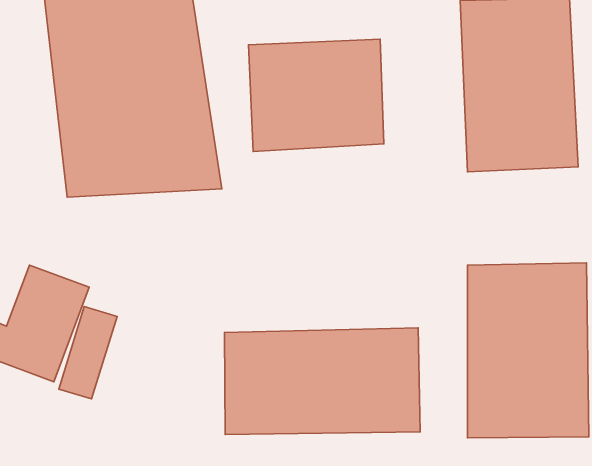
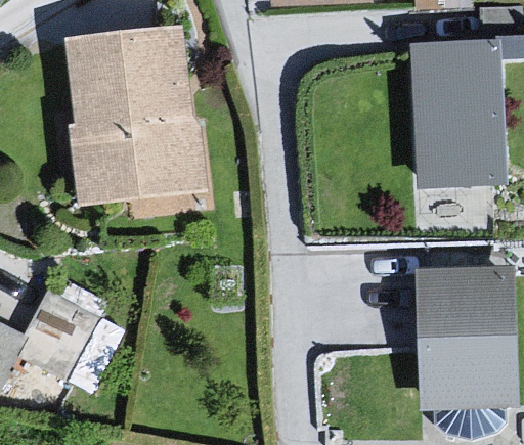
building: [248,39,384,152] -> none
building: [225,328,420,435] -> none

